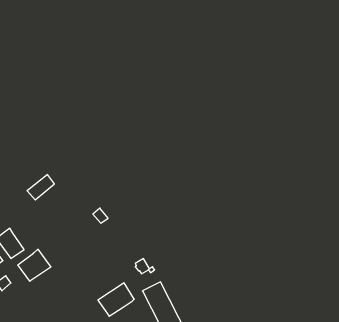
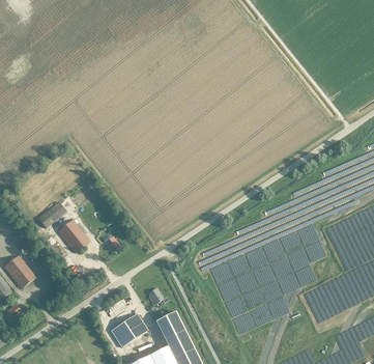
building: none -> [58,219,89,252]
building: [18,249,51,281] -> none

